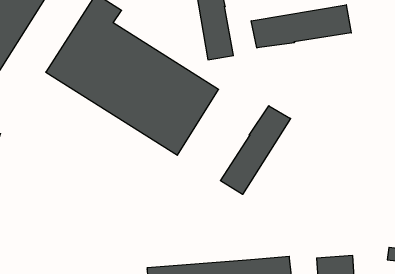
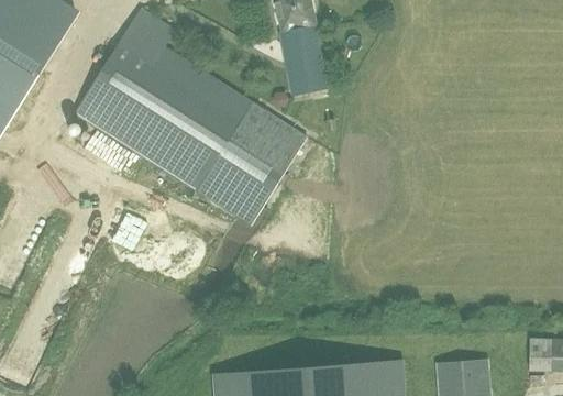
building: [251,5,351,48] -> none
building: [220,106,291,194] -> none

